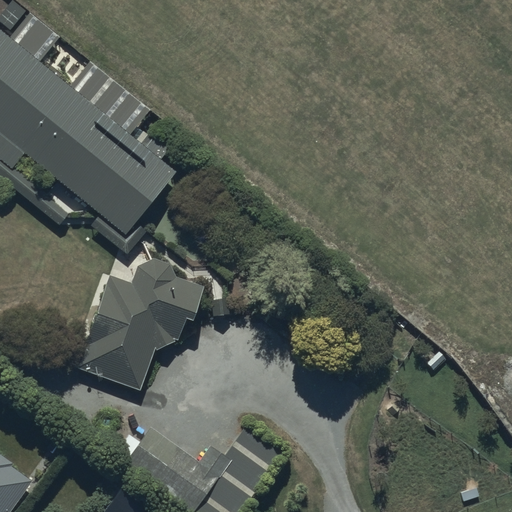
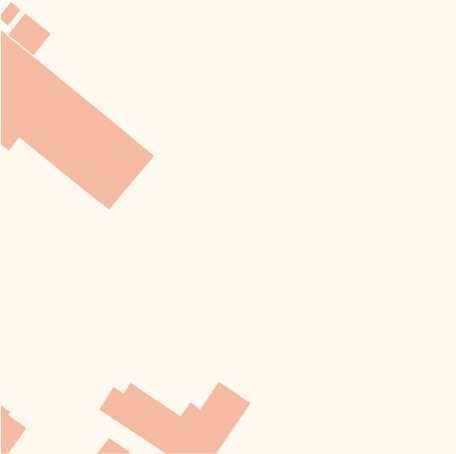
building: [68,62,148,136] -> none
building: [75,258,204,390] -> none

